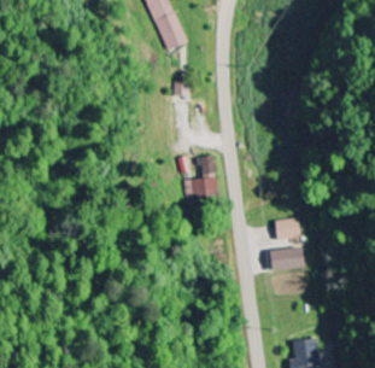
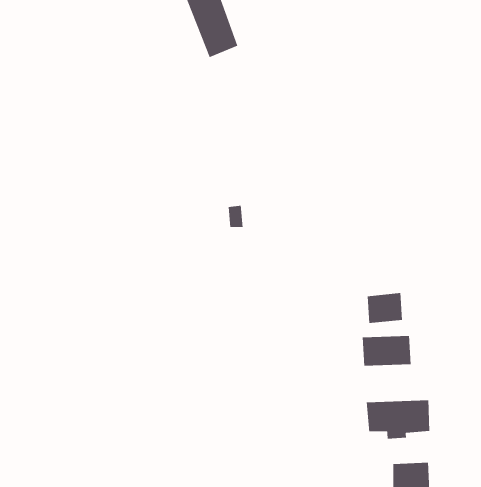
building: [182,156,219,194] -> none
building: none -> [366,399,430,440]

